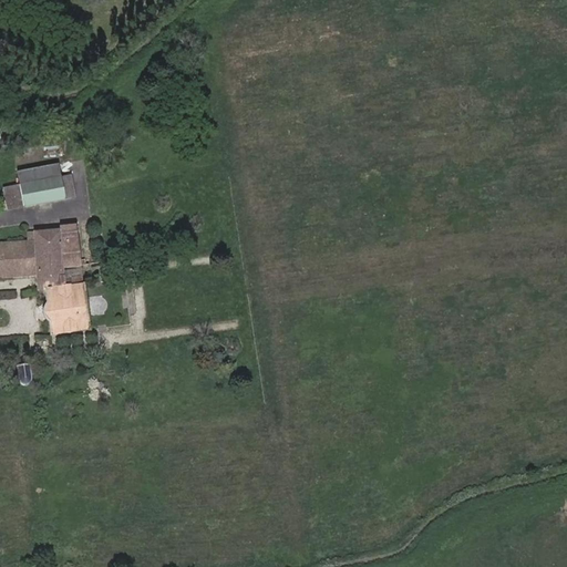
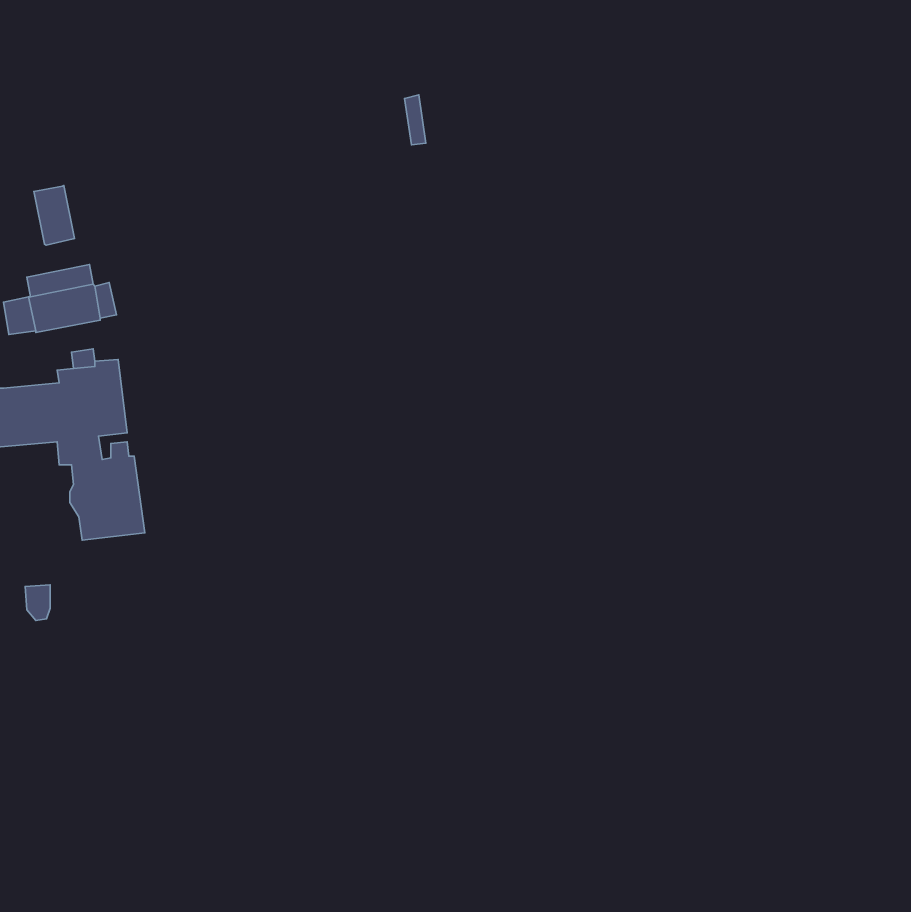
building: none -> [34,186,75,245]

